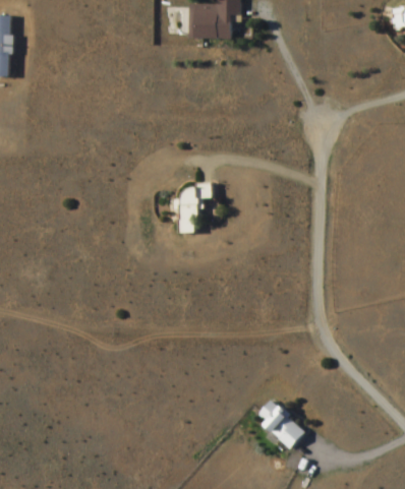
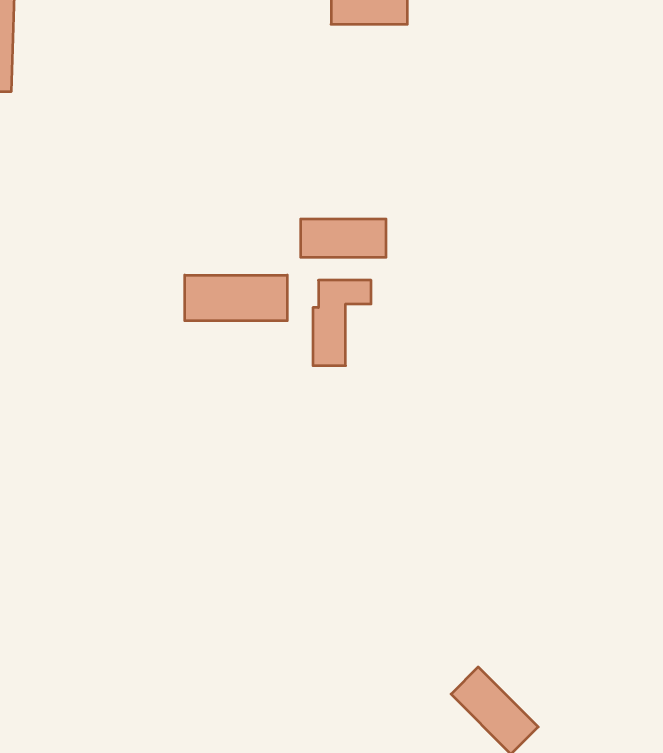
building: none -> [301,219,386,257]
building: none -> [185,275,287,321]

